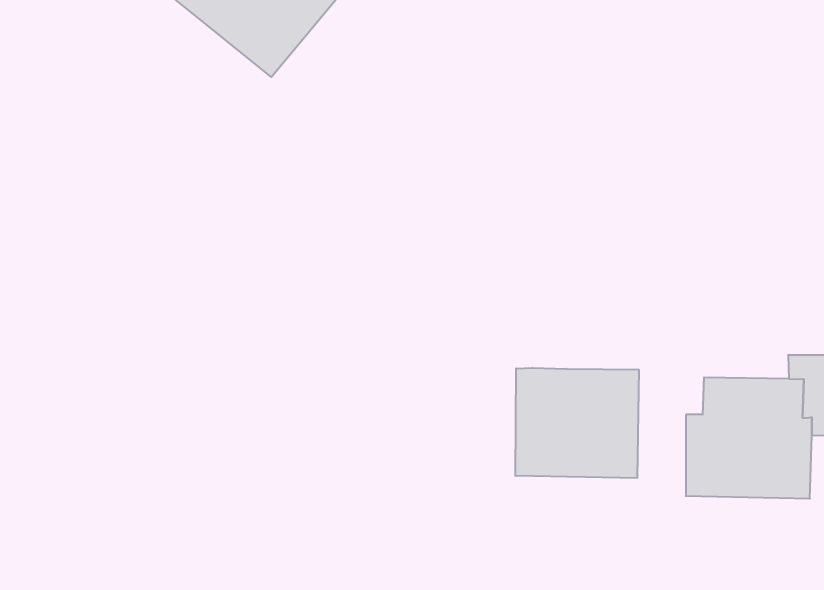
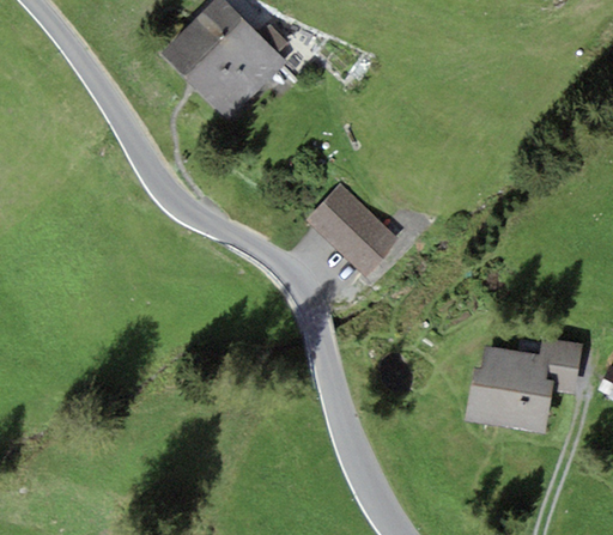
building: none -> [305,182,399,274]
building: [515,368,639,478] -> none

